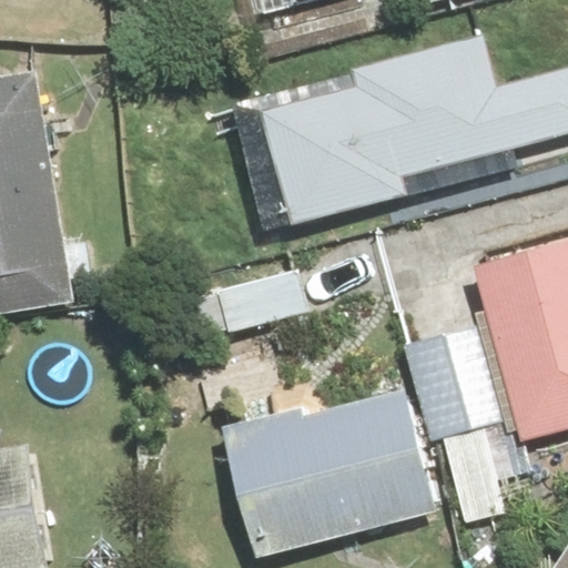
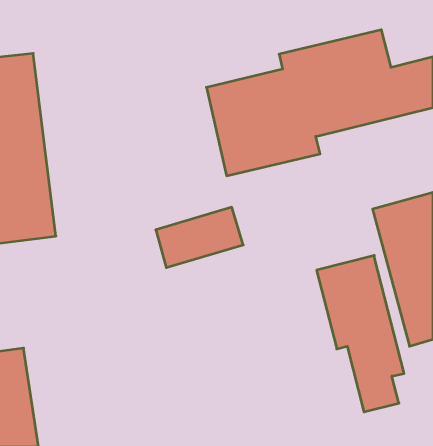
building: [227,390,432,556] -> none

